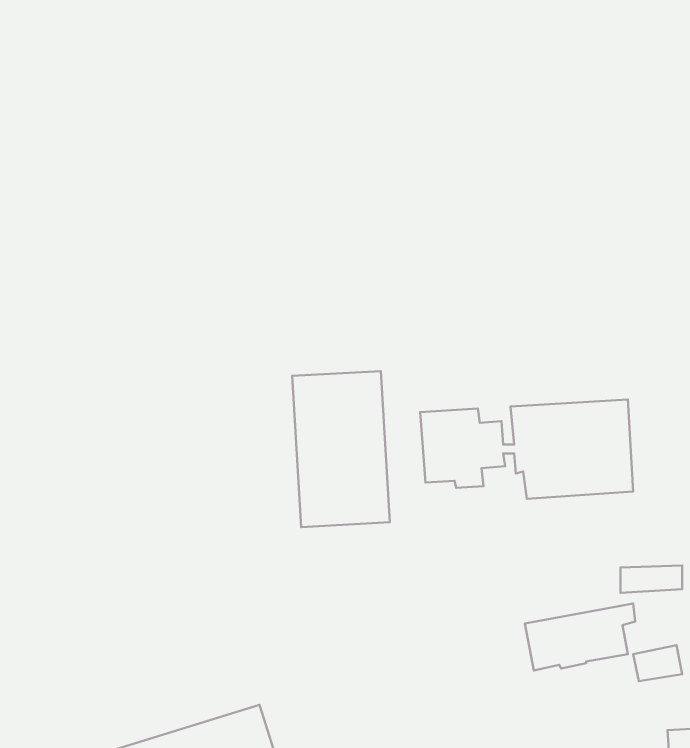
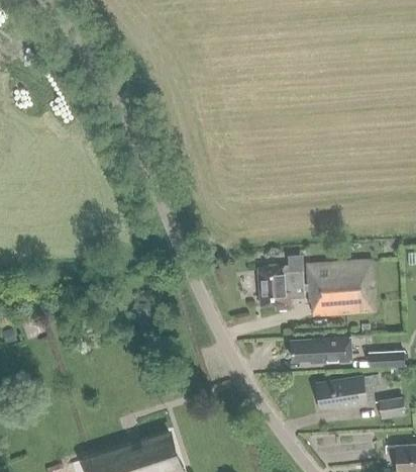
building: [292,371,390,527] -> none
building: none -> [291,337,350,361]

